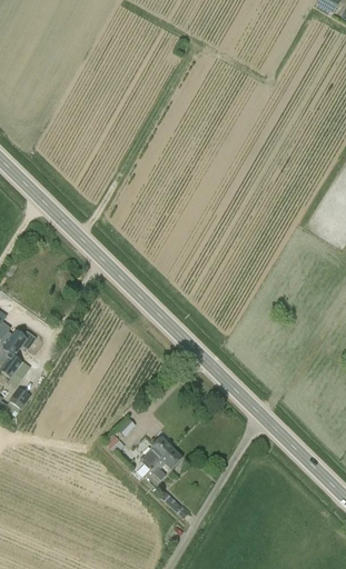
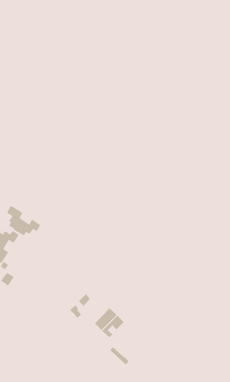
building: none -> [6,205,41,236]

